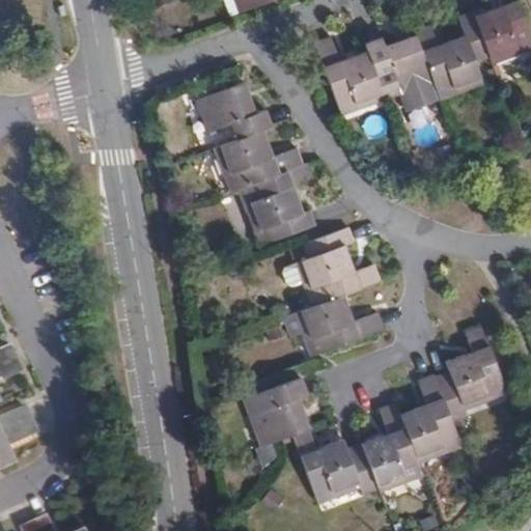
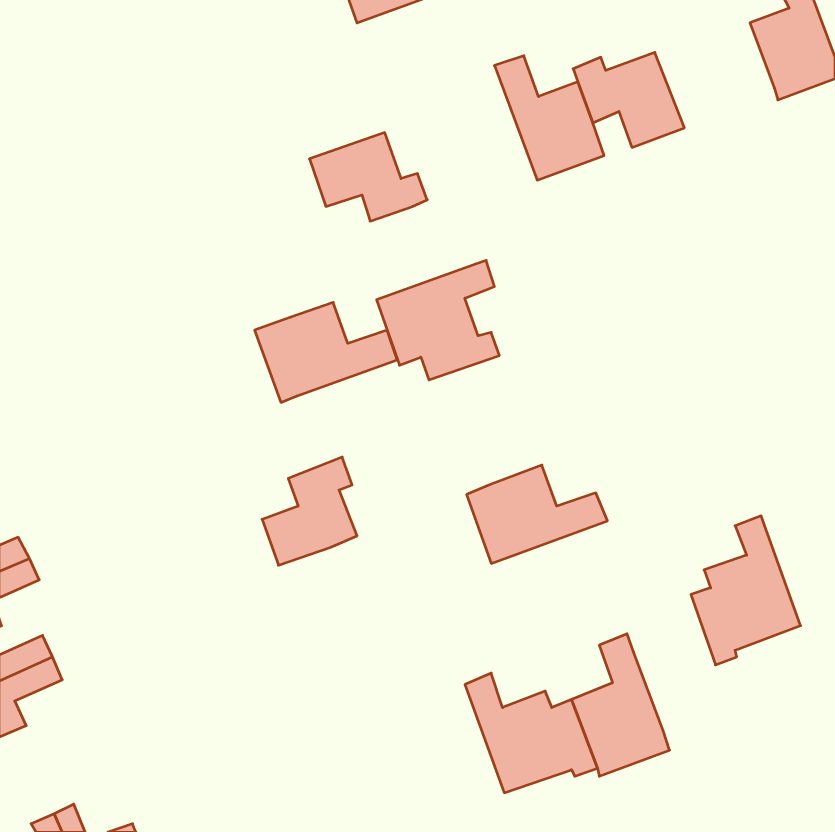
building: [415,9,491,100] -> none
building: [212,131,302,194] -> [255,302,397,402]
building: [296,229,381,307] -> none
building: [401,373,463,463] -> none
building: [251,376,311,445] -> [262,457,357,565]

